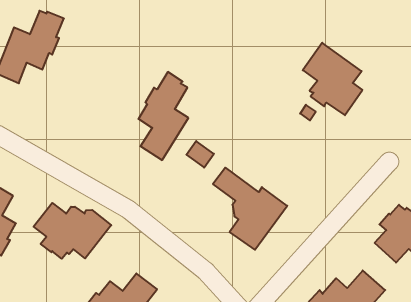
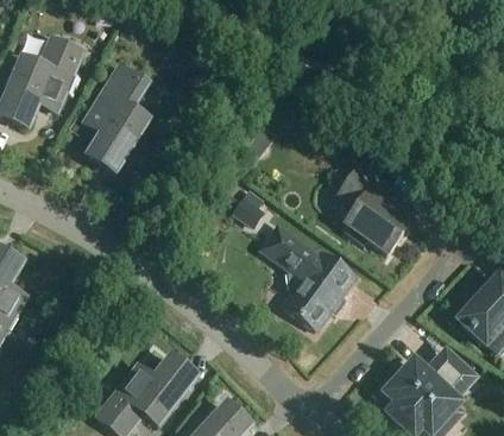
building: [303,43,362,115] -> [336,164,409,252]
building: [138,72,188,160] -> [86,64,146,171]
building: [34,203,111,259] -> none

